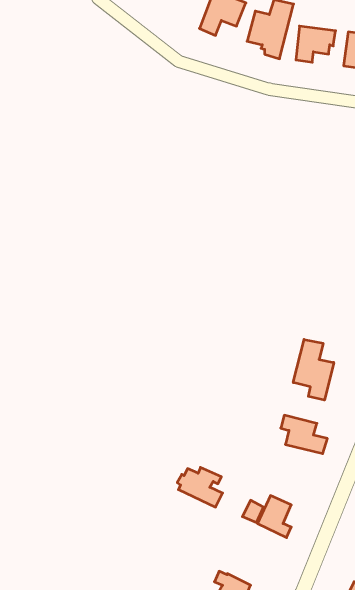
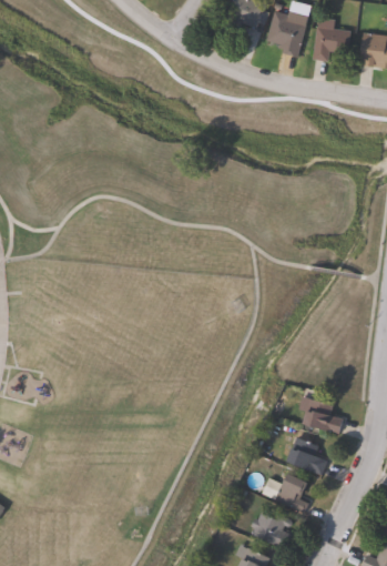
building: [293,339,334,400] -> none
building: none -> [287,436,327,475]
building: [177,467,223,507] -> [251,512,294,549]

